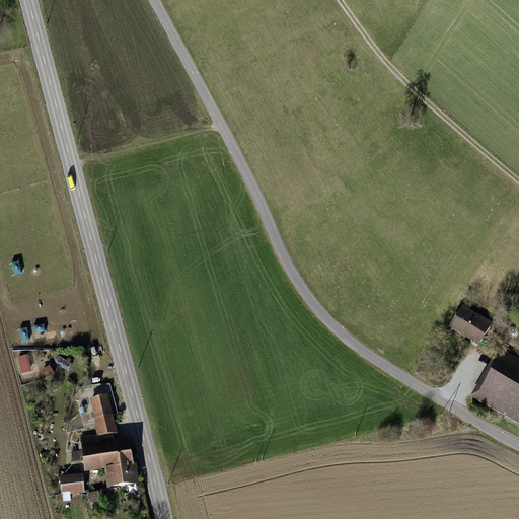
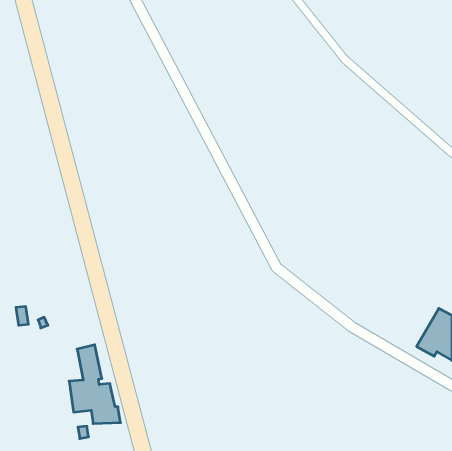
building: [451,307,491,344] -> none
building: [58,473,83,493] -> none

